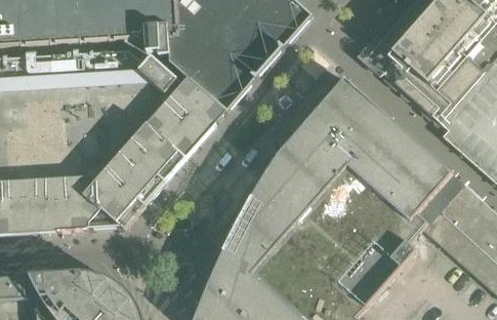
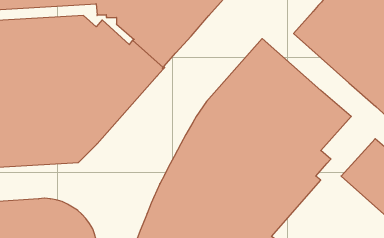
building: [413,171,479,243] -> none

